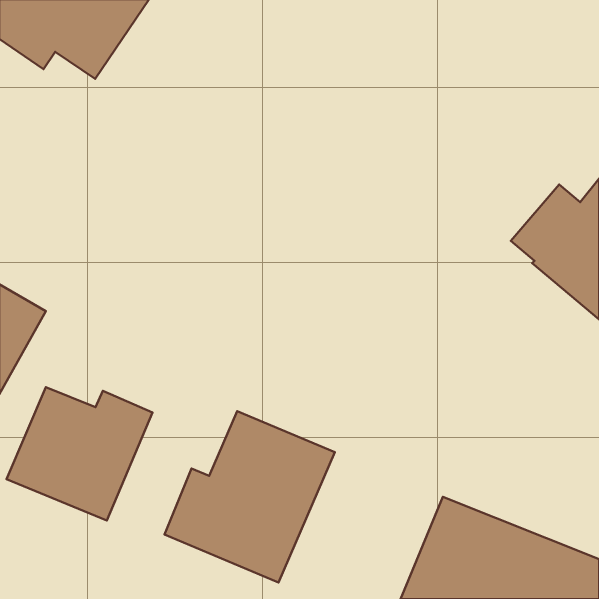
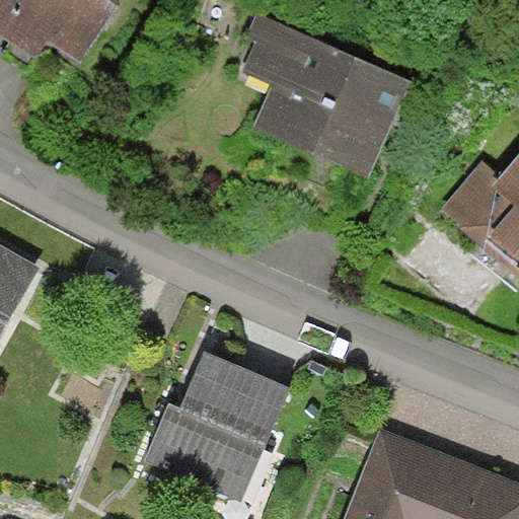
building: none -> [242,12,411,178]
building: [7,387,153,520] -> none

